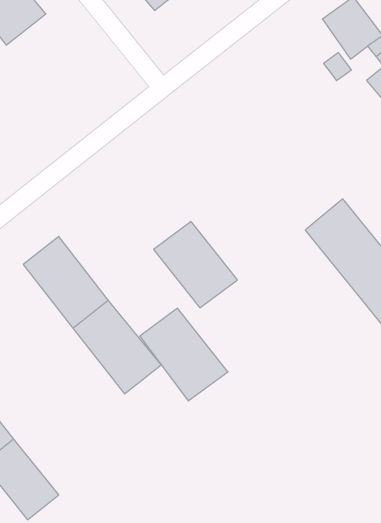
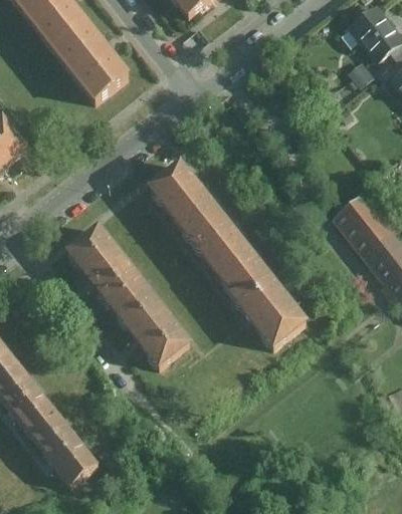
building: none -> [48,16,129,100]
building: none -> [148,160,221,236]
building: [140,308,228,401] -> [229,264,312,350]

